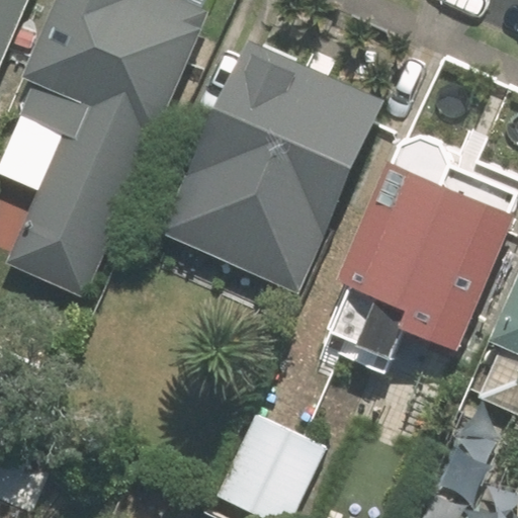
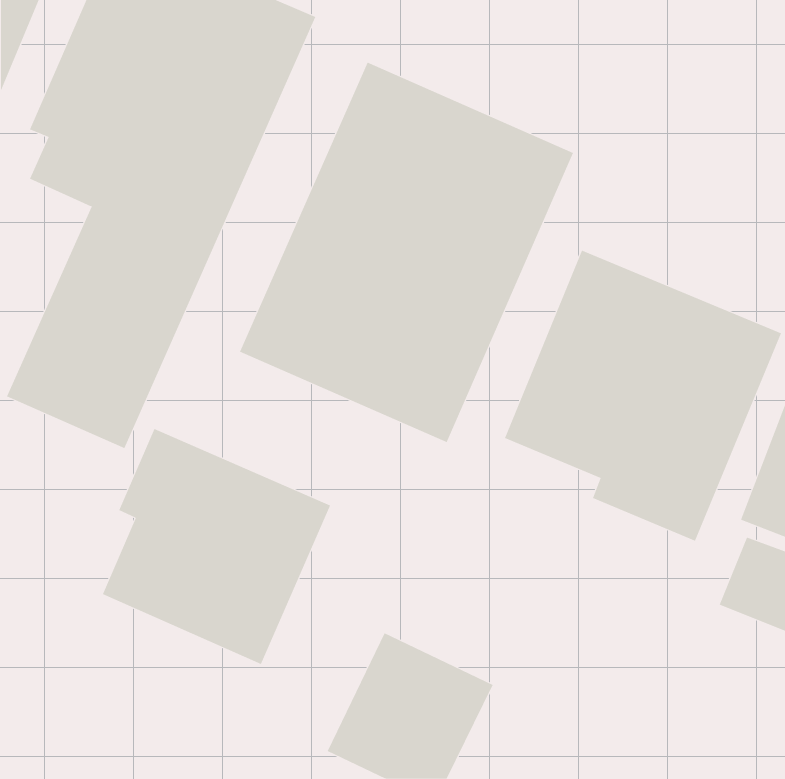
building: none -> [102,428,331,665]

